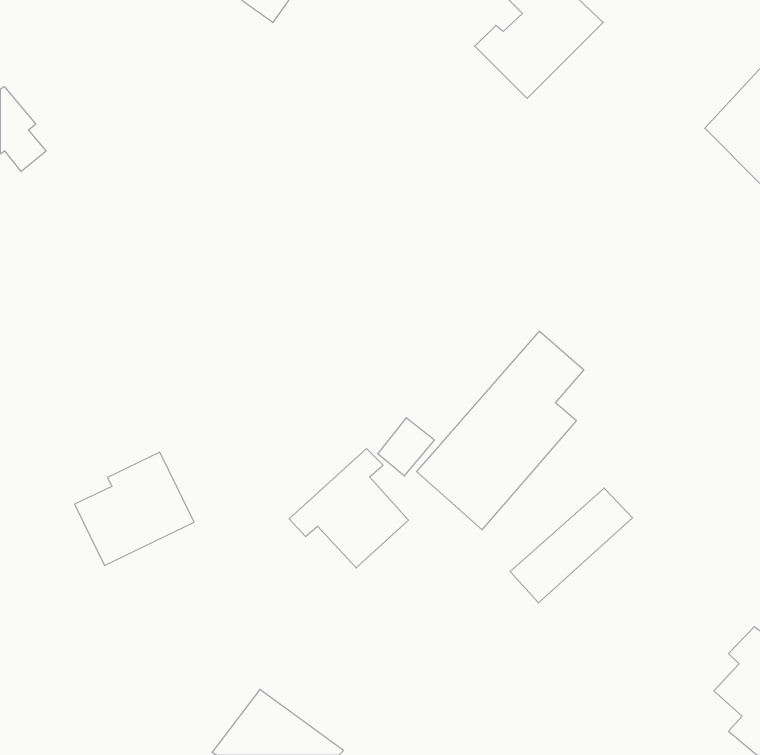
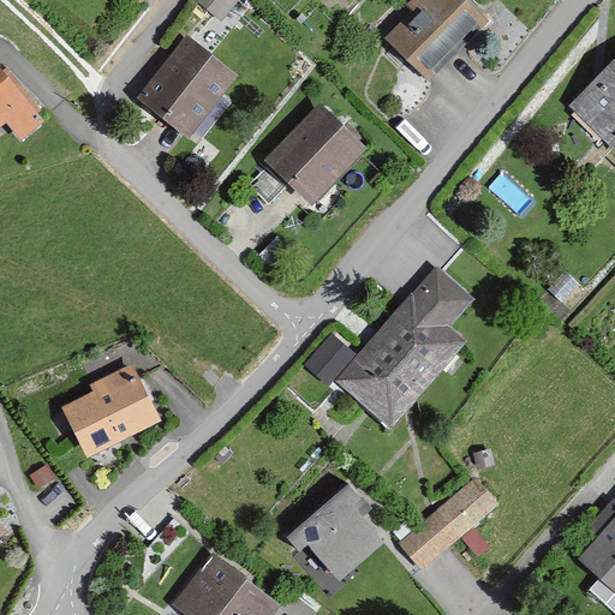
building: none -> [136,35,235,137]
building: none -> [264,105,364,204]
building: [289,449,408,568] -> [288,483,384,579]
building: [510,488,632,603] -> [400,473,498,566]

